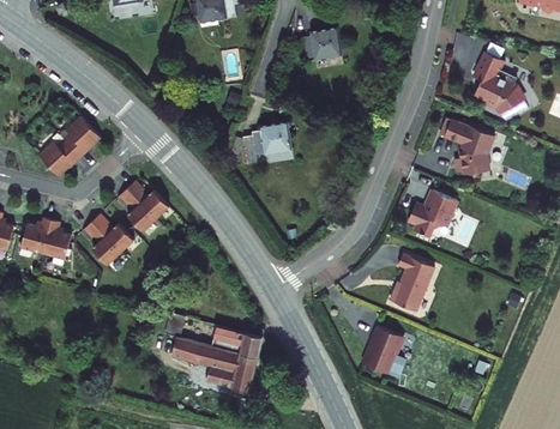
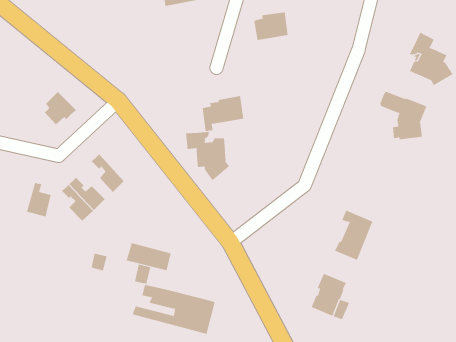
building: [36,143,74,180] -> none
building: none -> [185,131,230,181]
building: [124,182,165,220] -> none
building: [413,189,460,237] -> none
building: [19,219,50,255] -> none
building: [209,325,260,357] -> [126,242,171,271]

